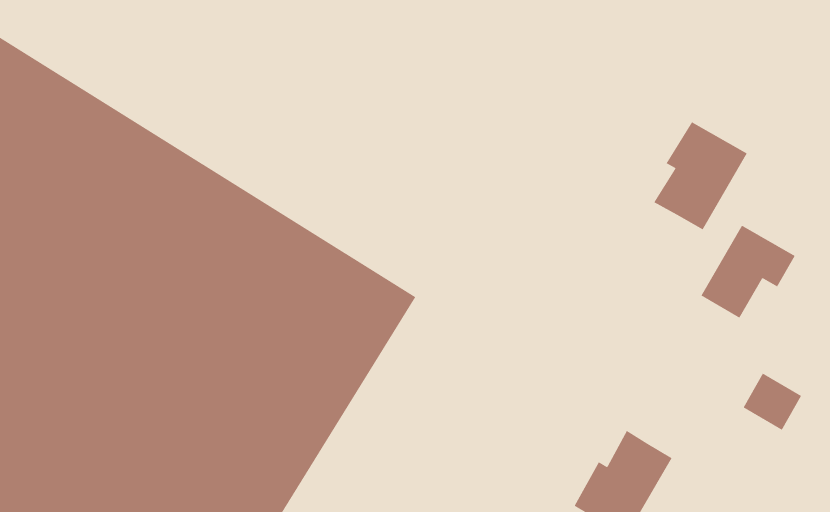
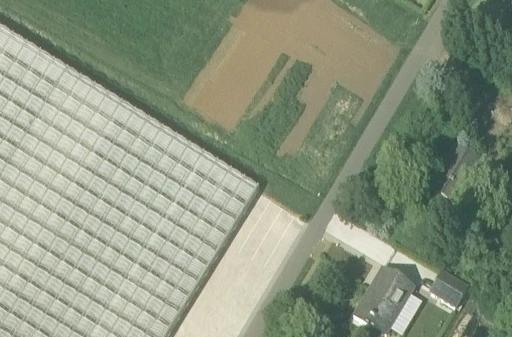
building: [654,121,747,230] -> none
building: [743,373,802,430] -> [430,271,466,306]

